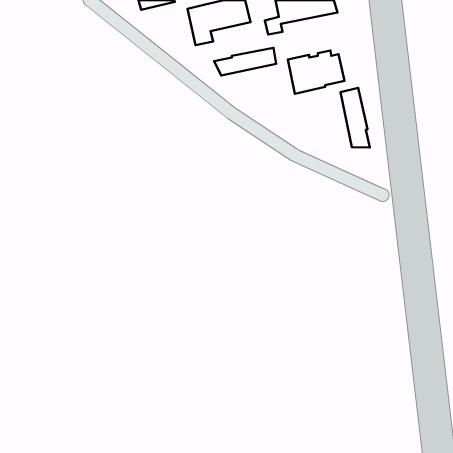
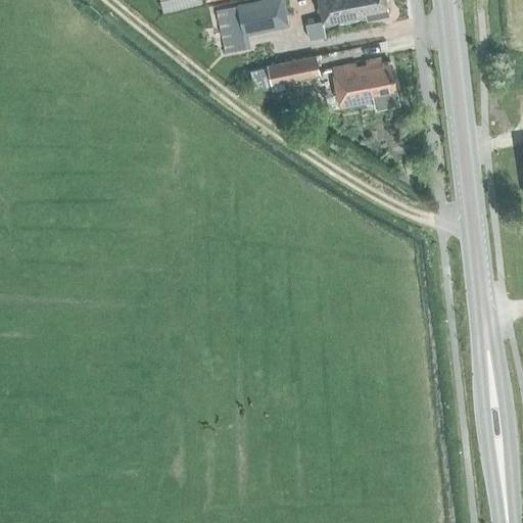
building: [340,88,370,148] -> none

